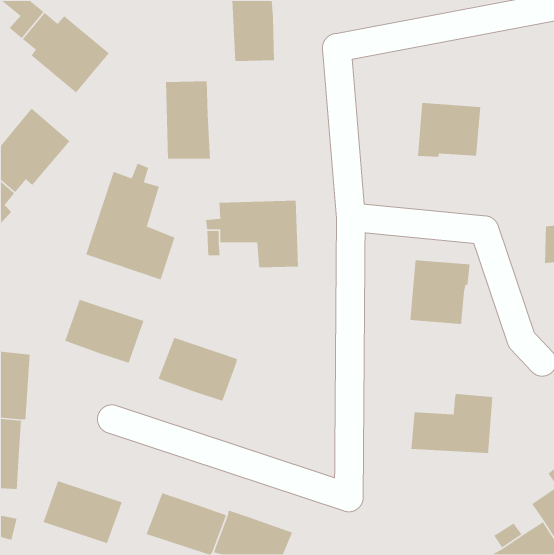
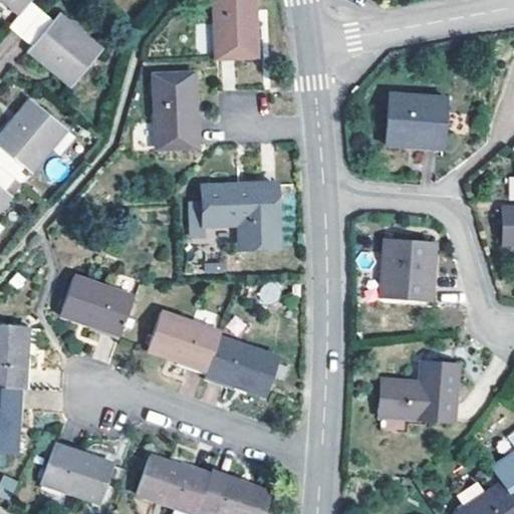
building: [85,163,176,281] -> none
building: none -> [206,336,279,397]

